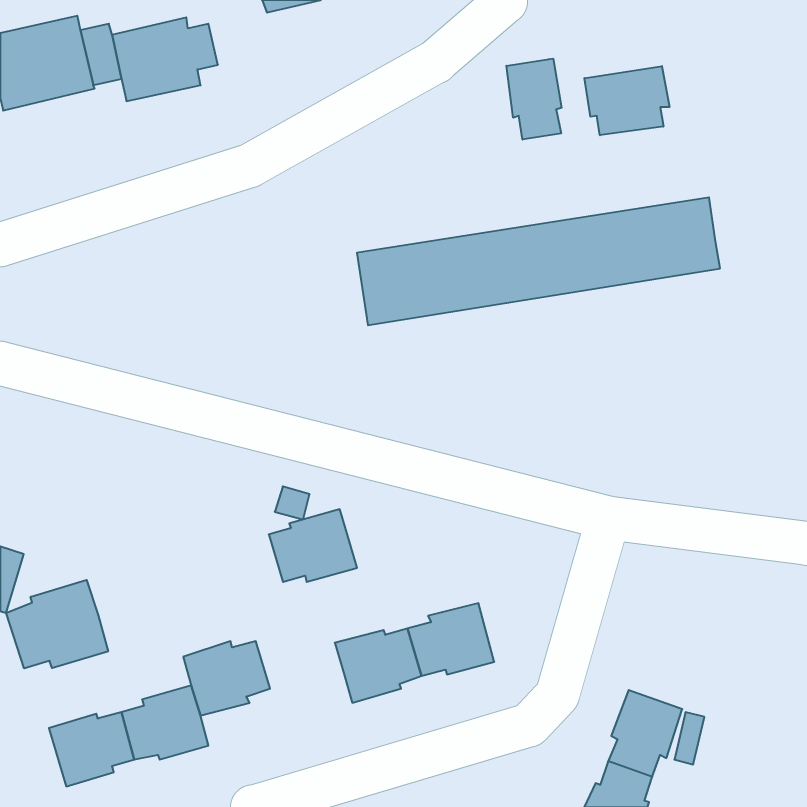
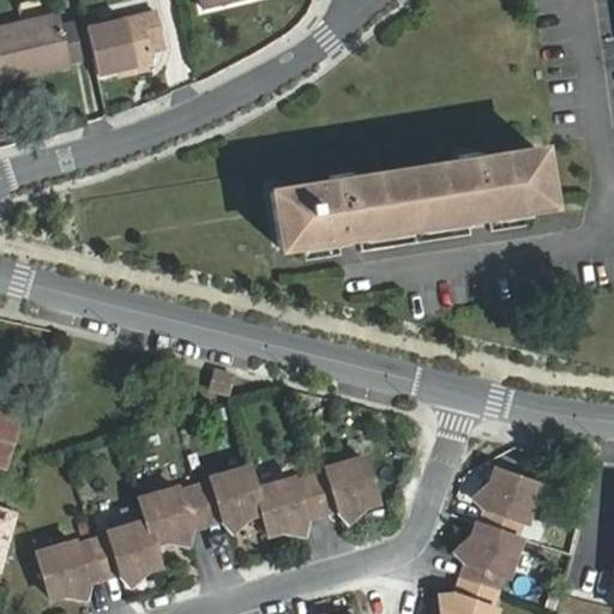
building: [506,59,562,140] -> none
building: [584,66,669,135] -> none
building: [269,509,357,582] -> [194,468,261,523]
building: [6,580,108,668] -> none
building: none -> [481,470,537,537]

